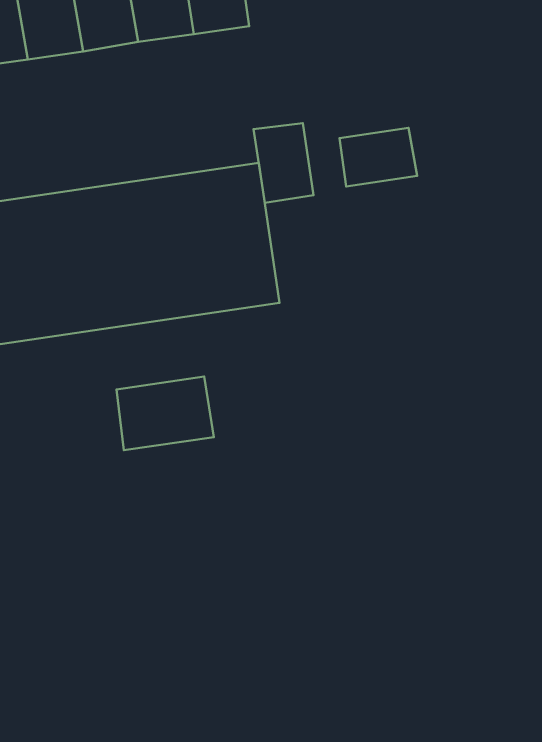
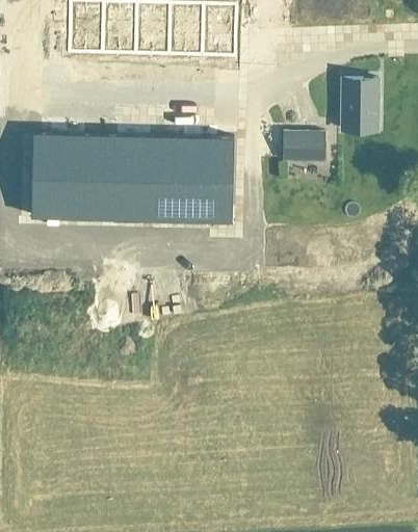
building: none -> [341,79,375,132]
building: [254,123,313,203] -> none
building: [116,376,214,450] -> none

